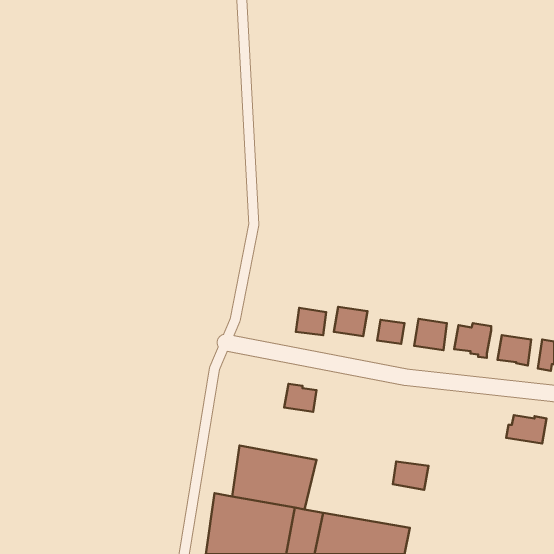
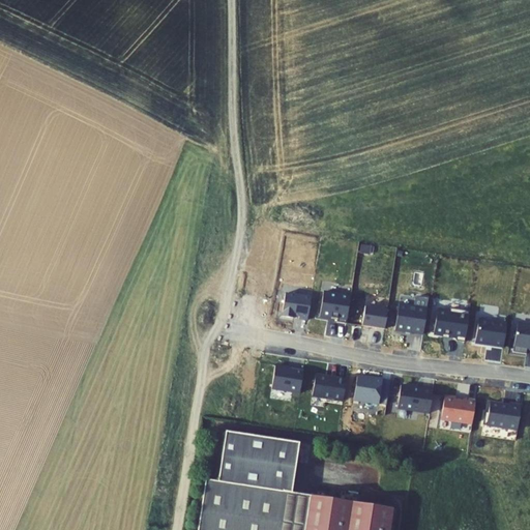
building: none -> [314,376,347,402]
building: none -> [354,377,382,405]
building: none -> [441,396,475,424]
building: [393,462,429,490] -> [399,387,433,414]

